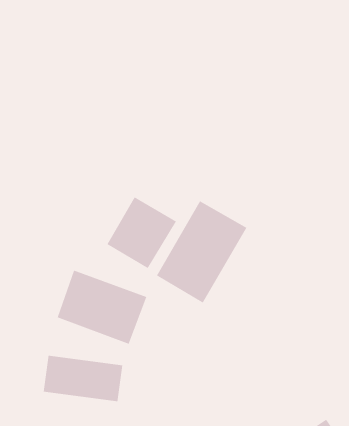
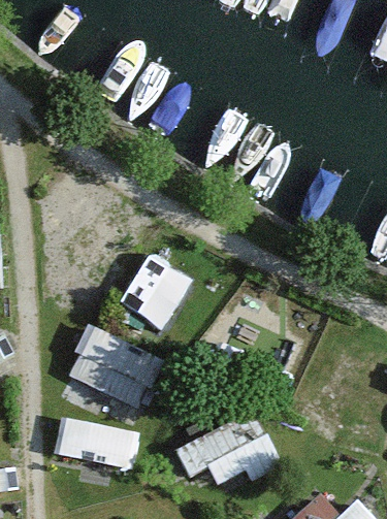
building: [156,201,247,304] -> none
building: none -> [175,418,271,487]

